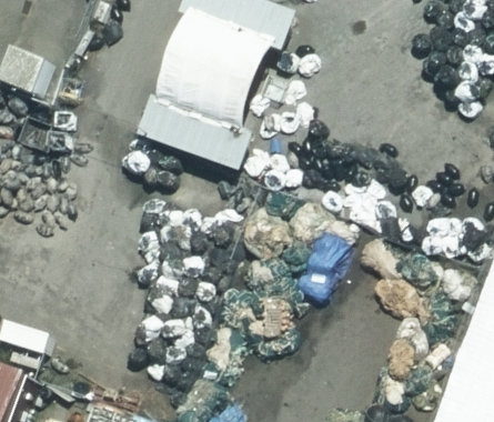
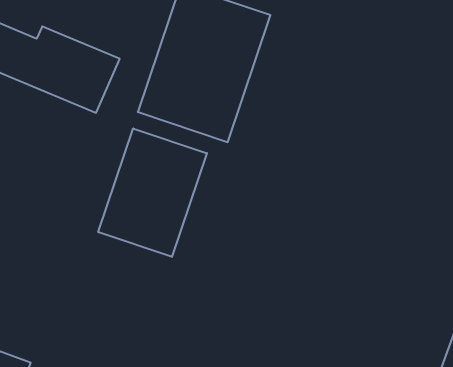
building: none -> [98,128,207,257]

